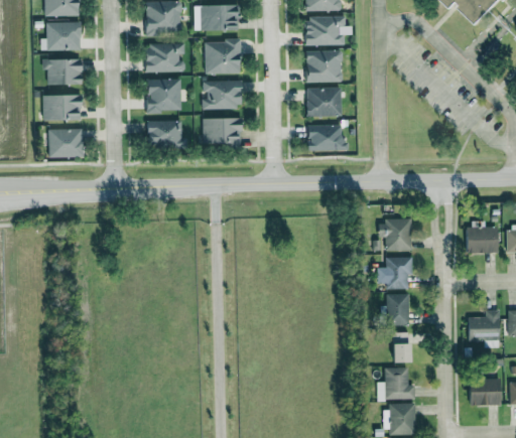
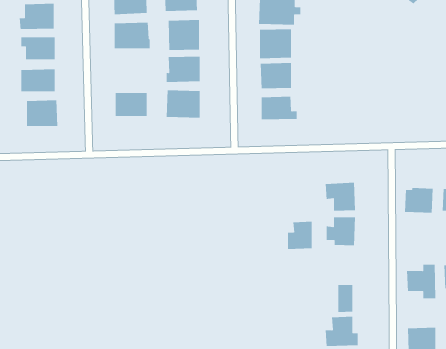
building: [146,79,181,111] -> none
building: [381,293,409,324] -> [287,221,313,249]

